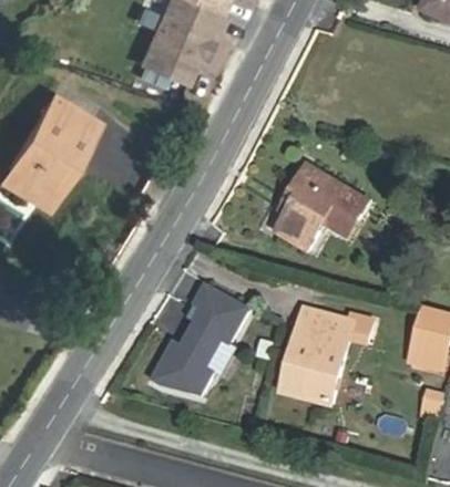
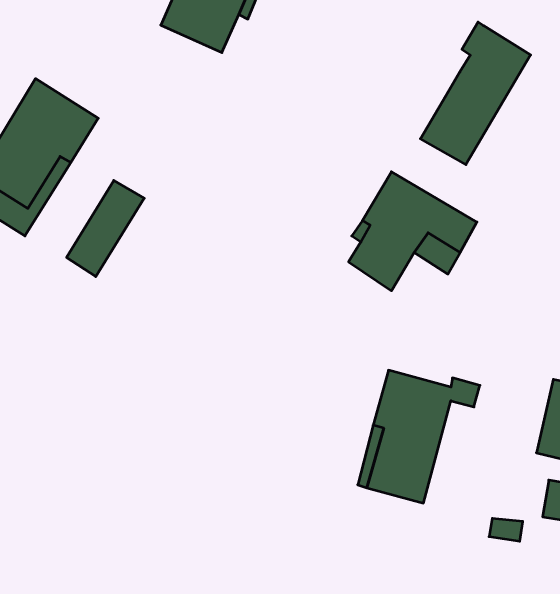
building: none -> [420,22,531,165]
building: none -> [67,180,144,277]
building: [151,283,245,400] -> none

